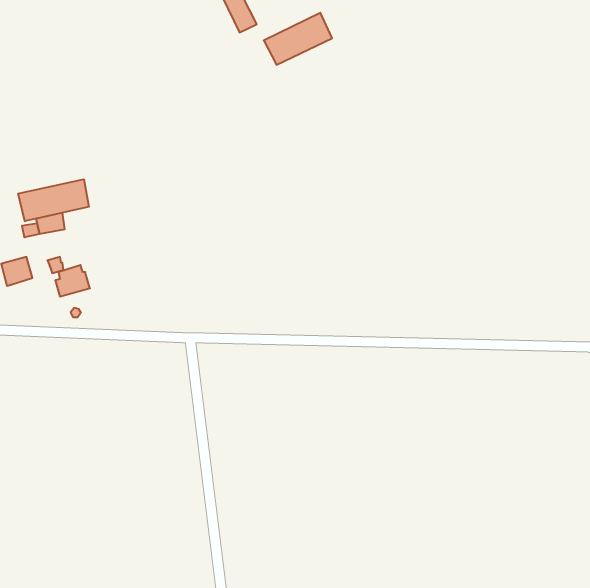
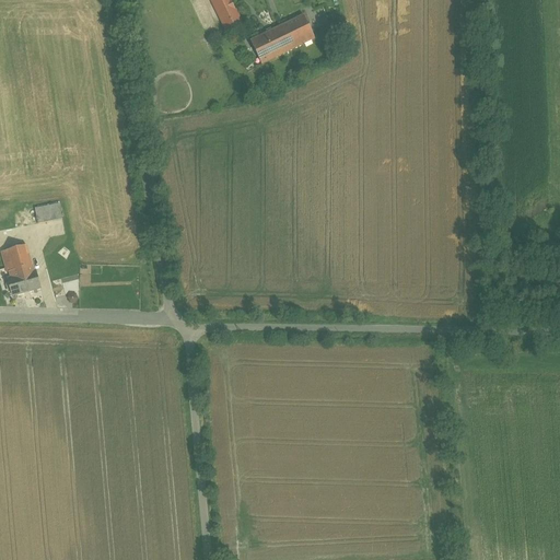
building: [18,179,89,221] -> none
building: [55,265,90,296] -> [7,262,39,292]

